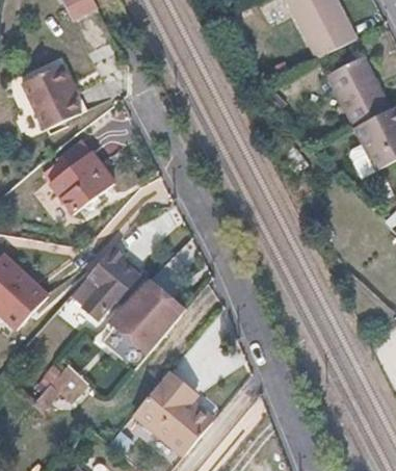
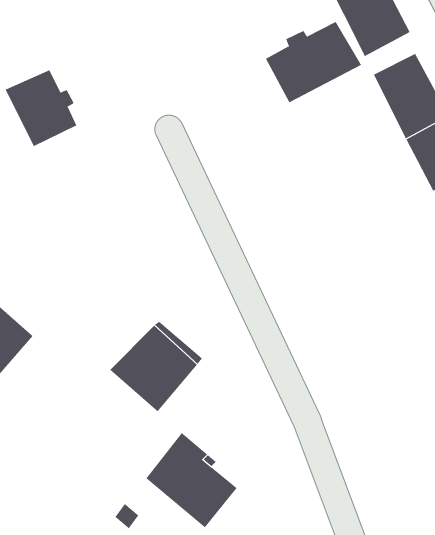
building: none -> [265,21,362,103]
building: [48,141,113,214] -> none
building: [70,254,137,320] -> none
building: [32,364,88,413] -> none

